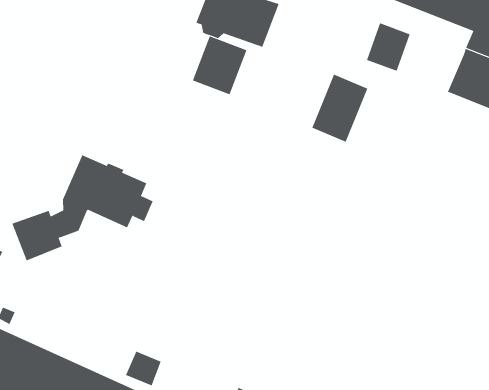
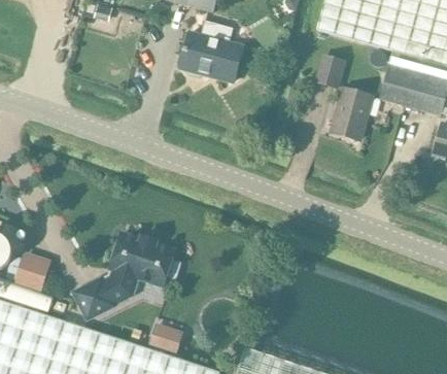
building: [192,36,247,95] -> none
building: [312,74,368,142] -> [332,89,372,140]
building: [11,155,153,261] -> [74,234,181,320]

